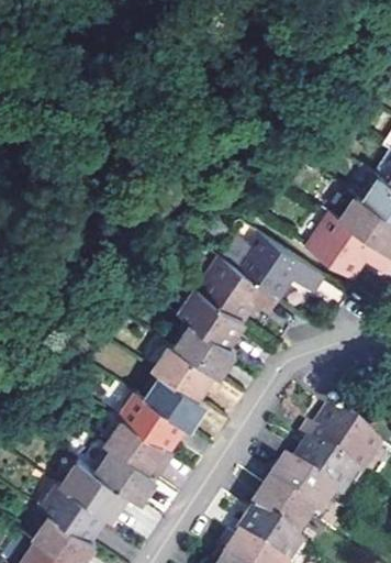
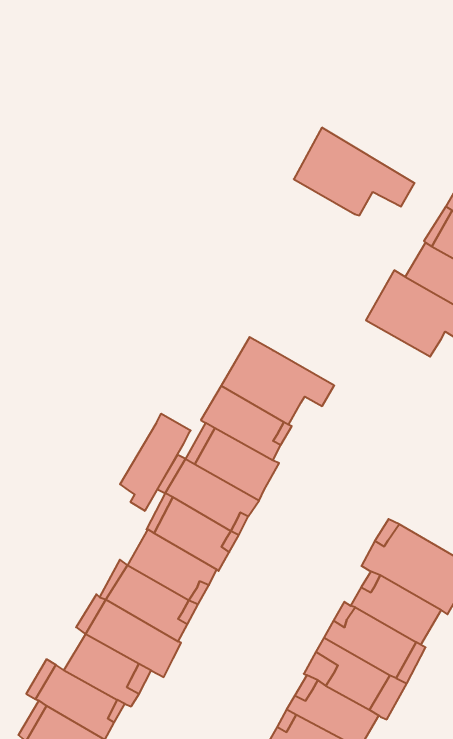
building: [238,233,326,299] -> [294,128,415,215]
building: none -> [120,414,191,511]

